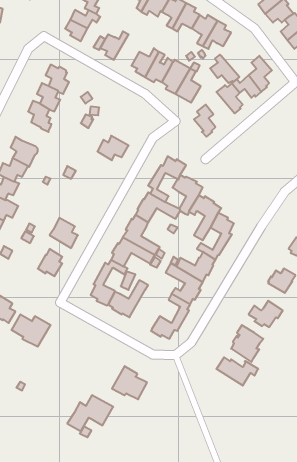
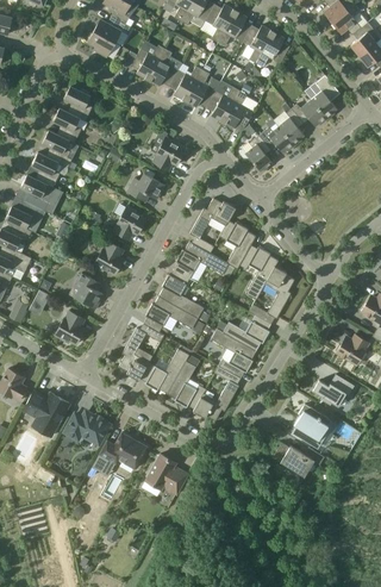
building: none -> [148,49,179,87]
building: [210,55,239,83] -> [260,118,295,152]
building: none -> [150,135,185,170]
building: none -> [32,152,68,186]
building: none -> [114,206,146,239]
building: none -> [94,242,124,275]
building: none -> [167,361,206,408]
building: none -> [65,412,108,443]
building: [67,395,113,431] -> [92,432,148,476]

